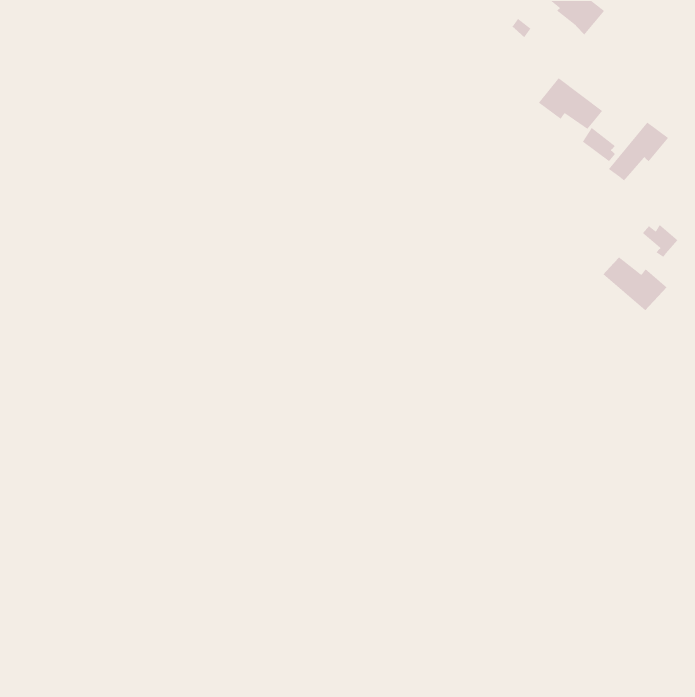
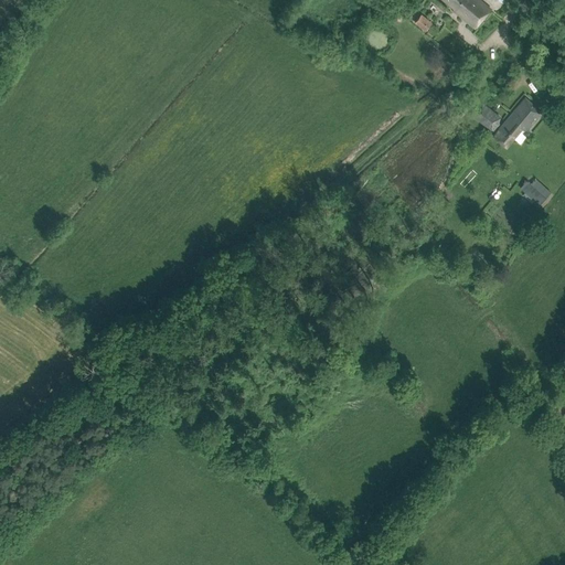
building: [538,77,603,130] -> none
building: [602,256,668,311] -> none

